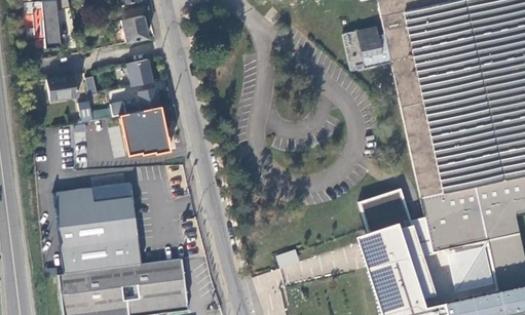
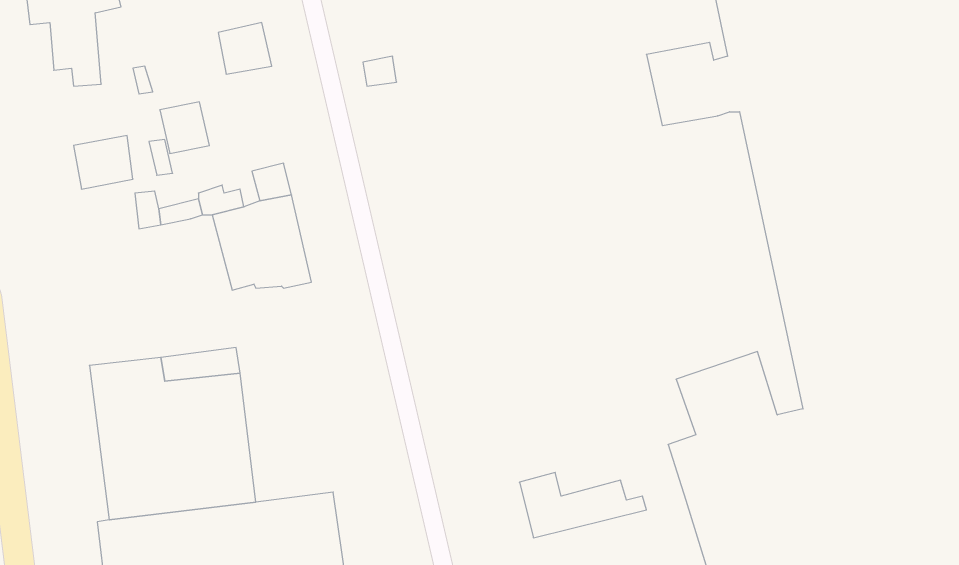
building: [127,61,153,87] -> [160,102,209,153]

